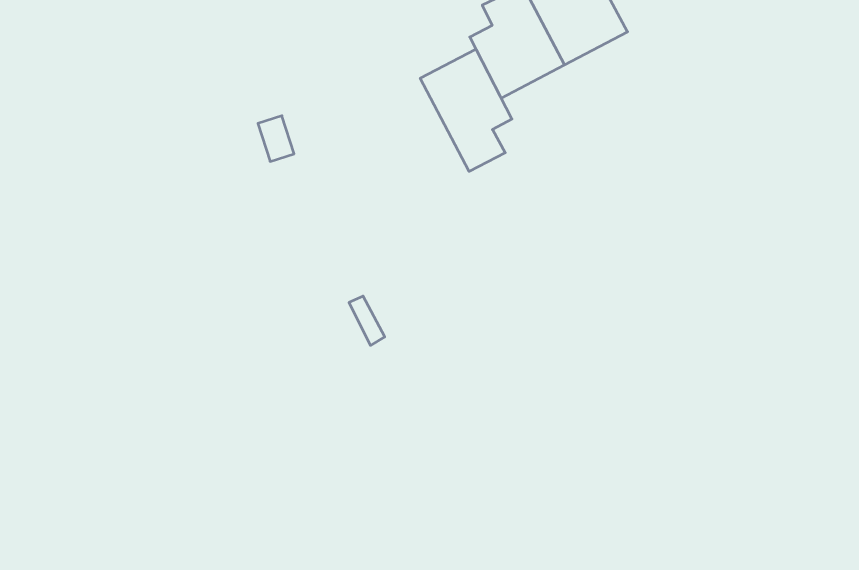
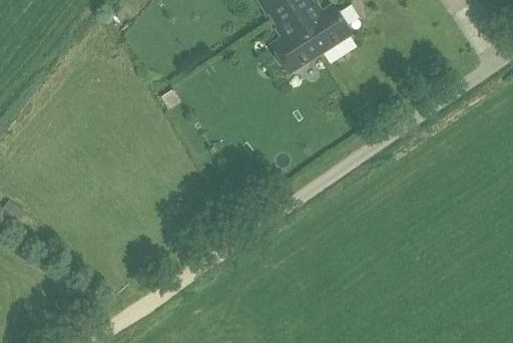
building: [420,49,512,171] -> none

